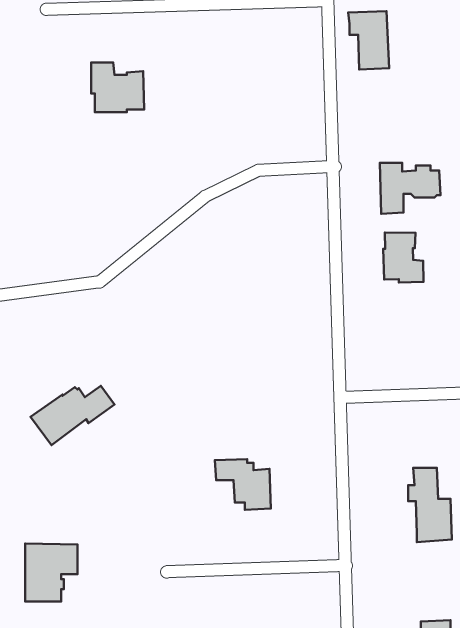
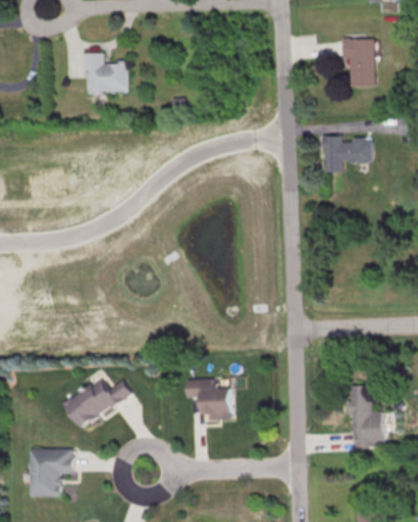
building: [348,11,389,70] -> [341,38,374,86]
building: [383,233,424,283] -> none
building: [30,386,115,445] -> [64,377,134,426]

